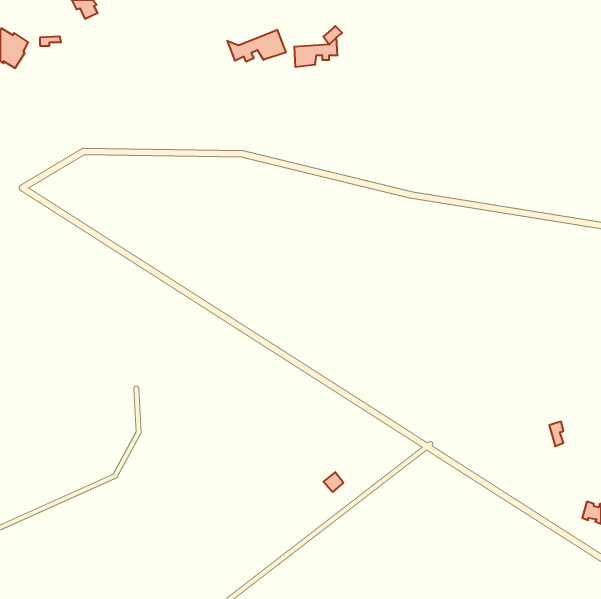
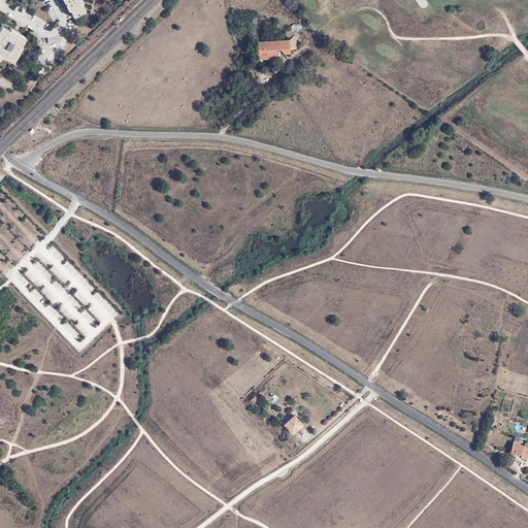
building: [227,30,286,62] -> none

